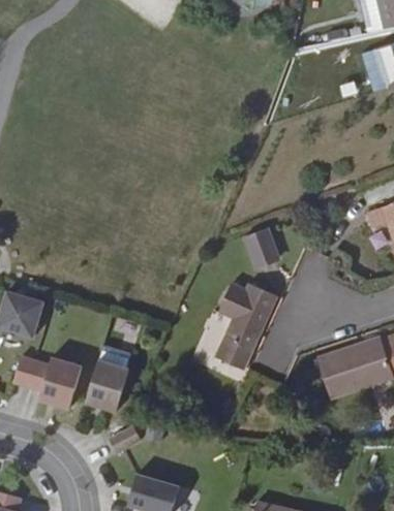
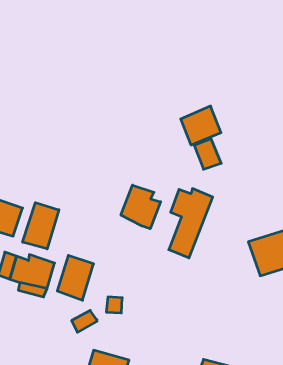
building: none -> [181,106,221,145]
building: none -> [121,185,161,229]
building: none -> [23,203,59,249]

